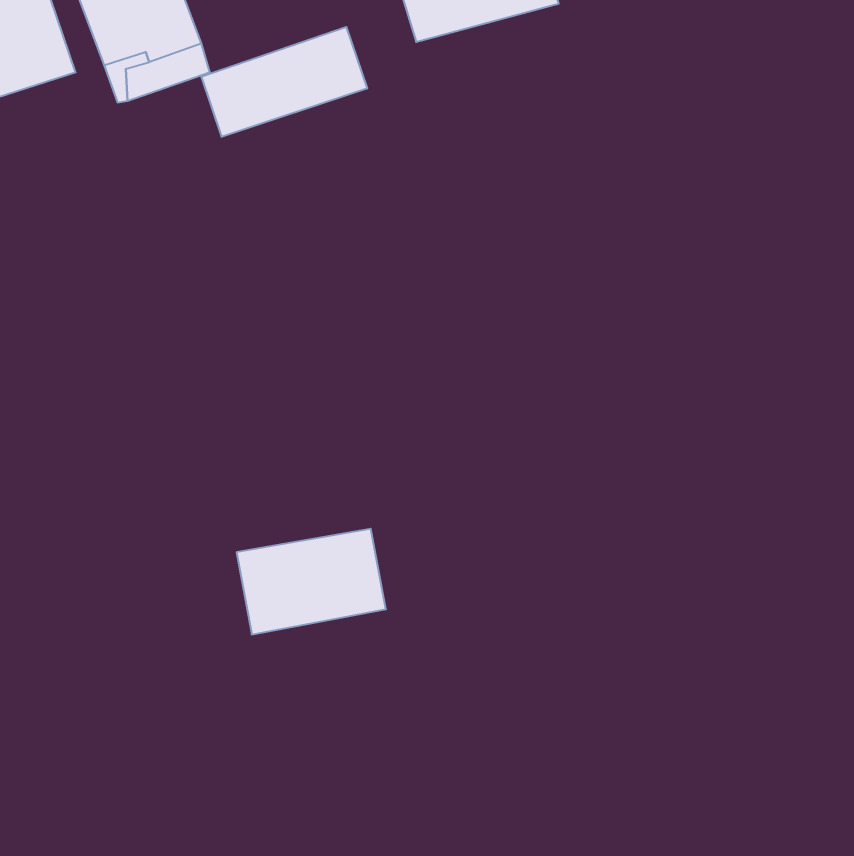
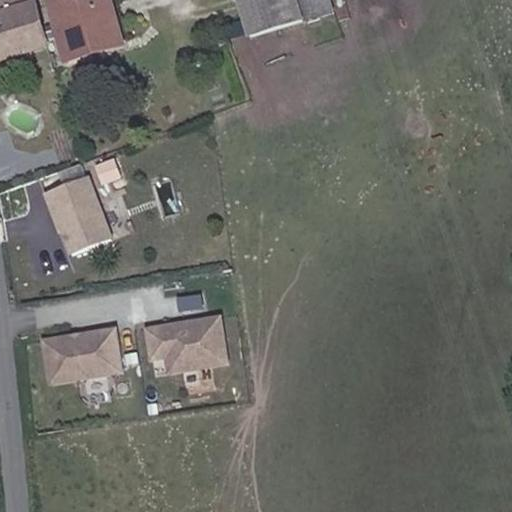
building: [202,27,367,137] -> none
building: none -> [43,176,111,255]
building: none -> [38,327,120,384]

